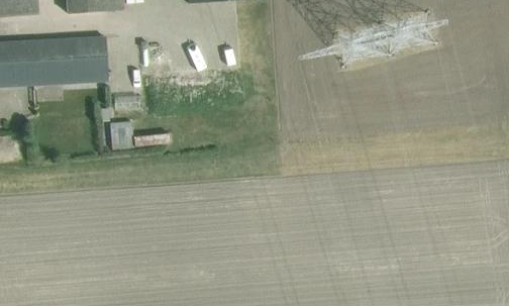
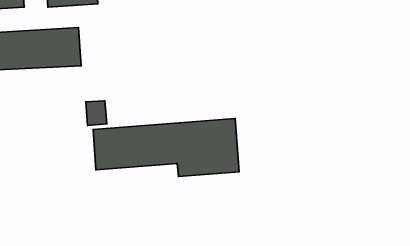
building: none -> [93,119,239,176]

